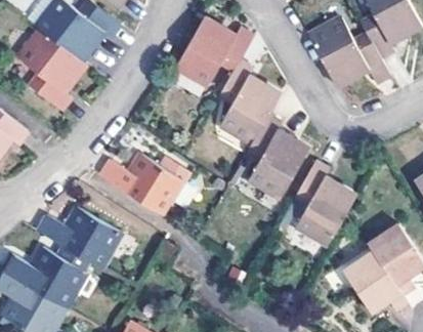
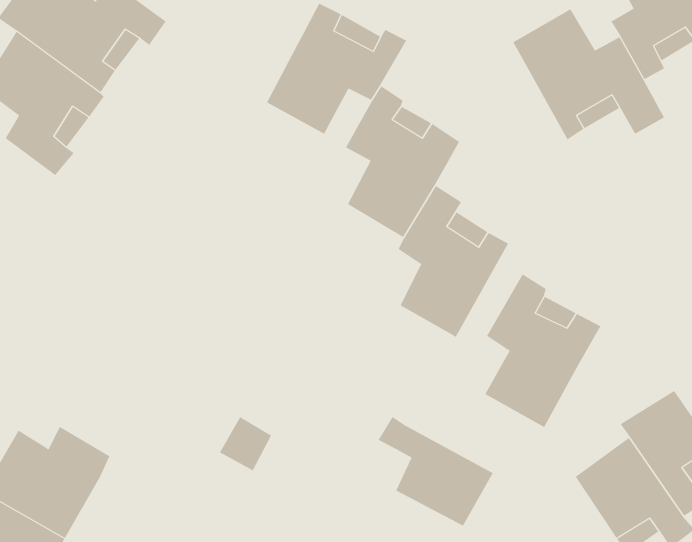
building: [101,154,184,215] -> none
building: [37,207,121,267] -> none
building: none -> [378,416,494,526]

